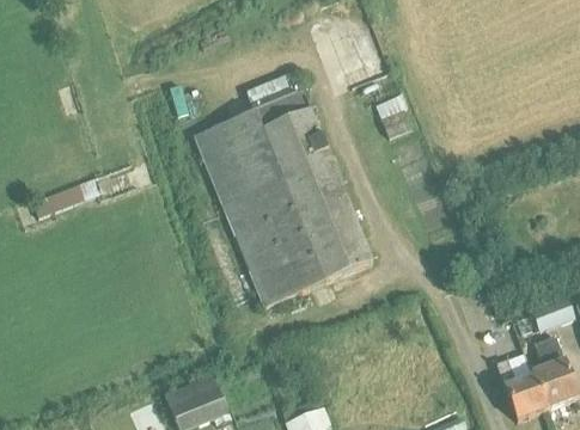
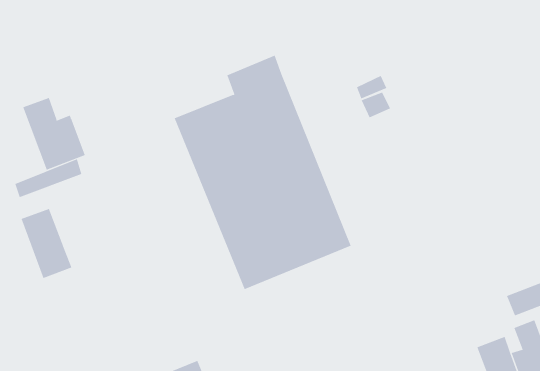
building: none -> [23,97,86,170]
building: none -> [21,208,72,279]

